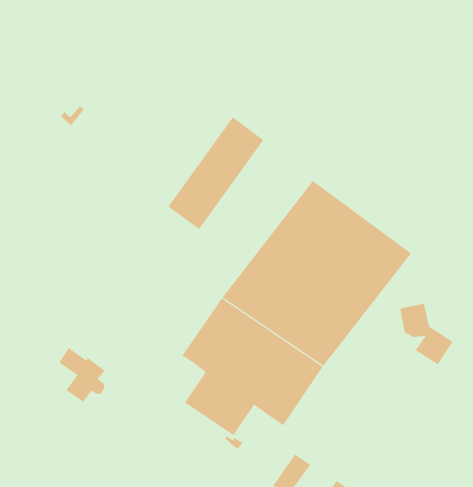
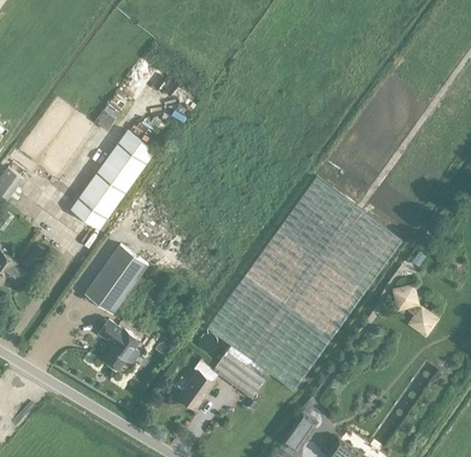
building: [168,117,264,230] -> [70,131,154,230]
building: none -> [83,245,148,315]
building: none -> [176,371,214,412]

